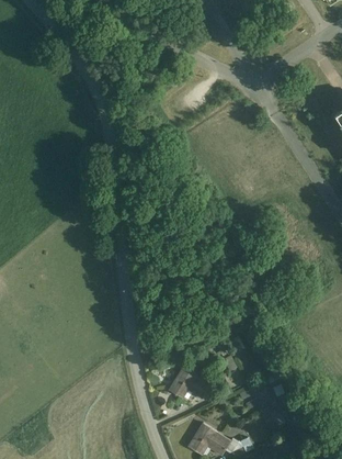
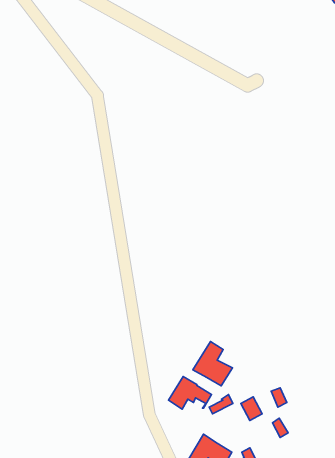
building: none -> [193,341,232,386]

